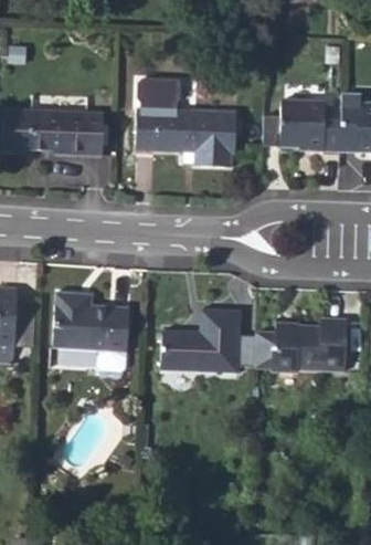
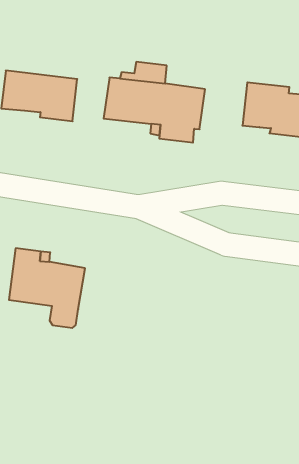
building: [160,308,238,370] -> none
building: [254,321,346,373] -> none

